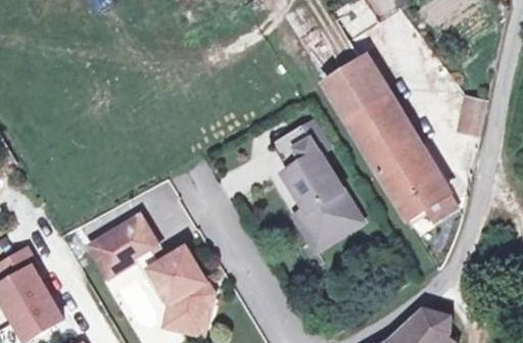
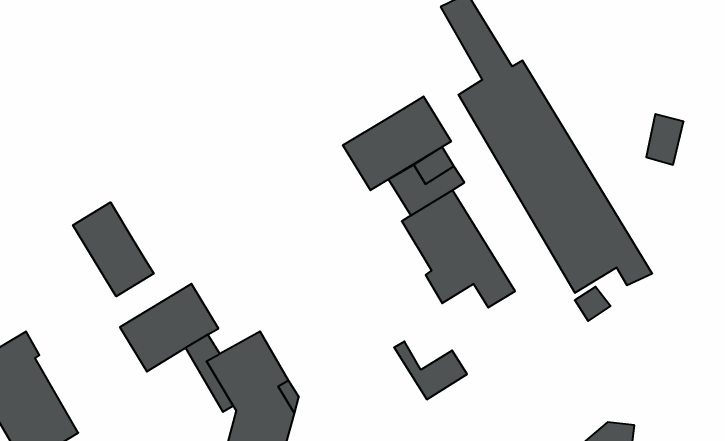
building: none -> [343,96,451,190]
building: none -> [73,202,154,296]
building: [293,208,343,248] -> [394,341,467,399]

